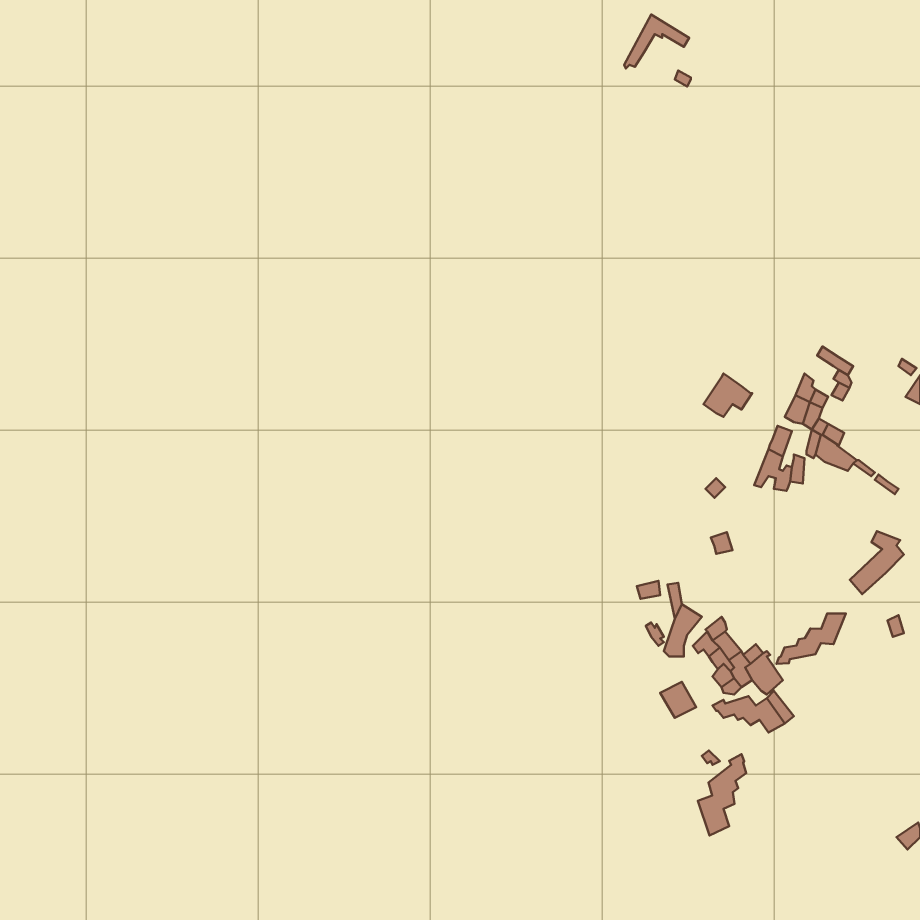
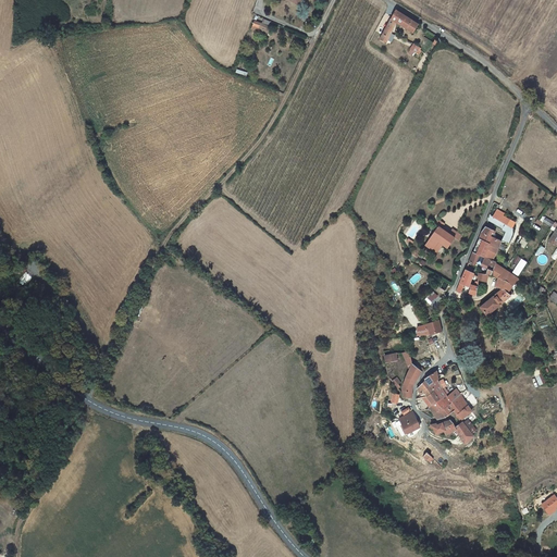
building: [850,531,904,594] -> [481,278,513,317]
building: [777,614,846,664] -> none
building: [698,754,746,835] -> none

